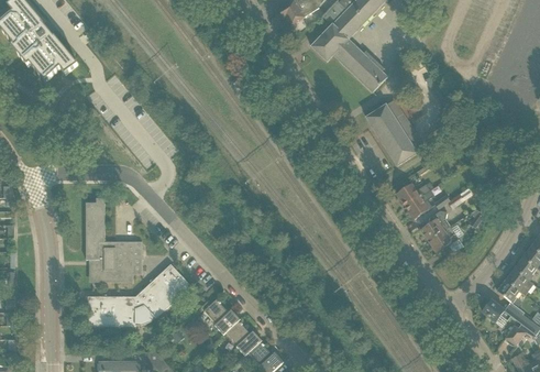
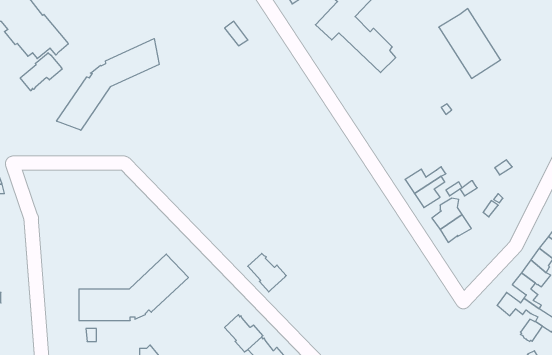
building: none -> [57,39,159,130]
building: none -> [20,53,62,91]
building: [366,100,425,166] -> [439,9,501,78]
building: [86,198,142,283] -> none
building: [203,299,240,336] -> [248,253,286,292]

